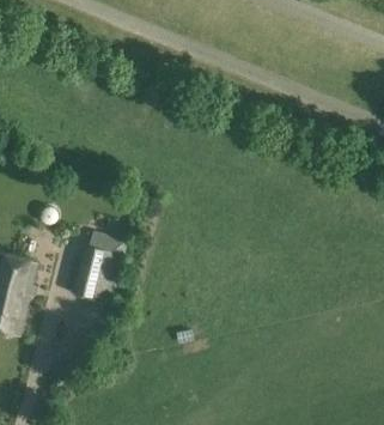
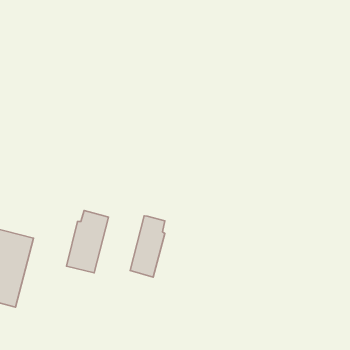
building: none -> [130,216,165,277]

